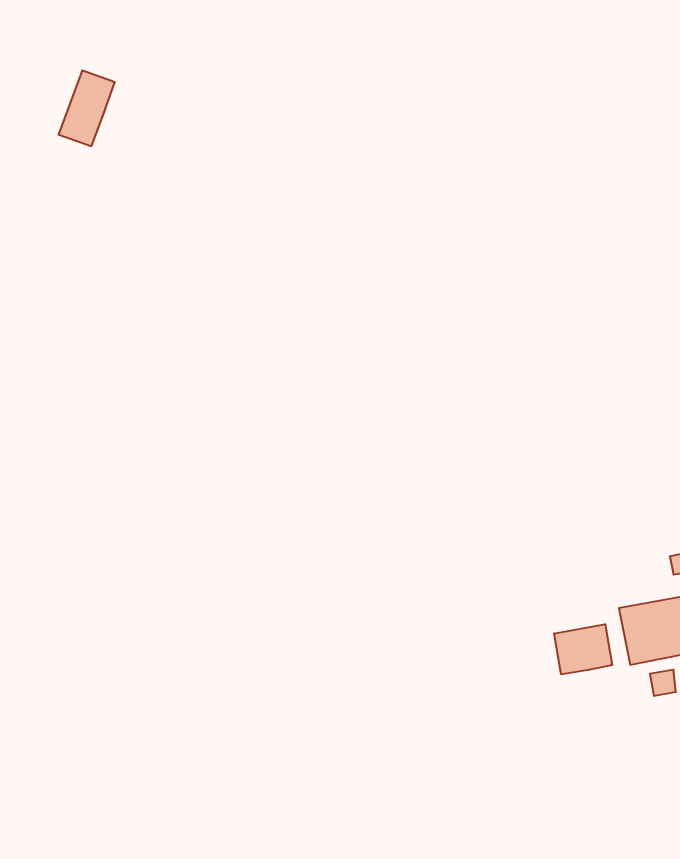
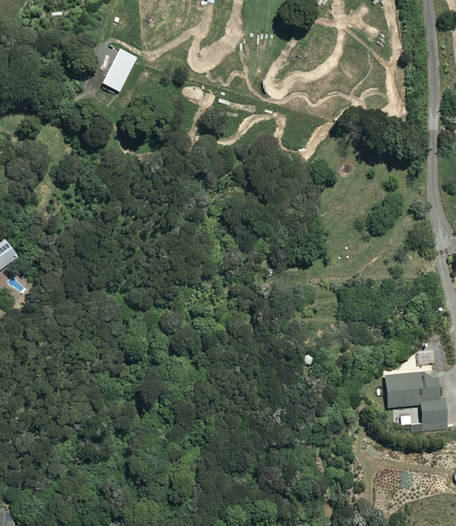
building: [554,624,612,674] -> none

